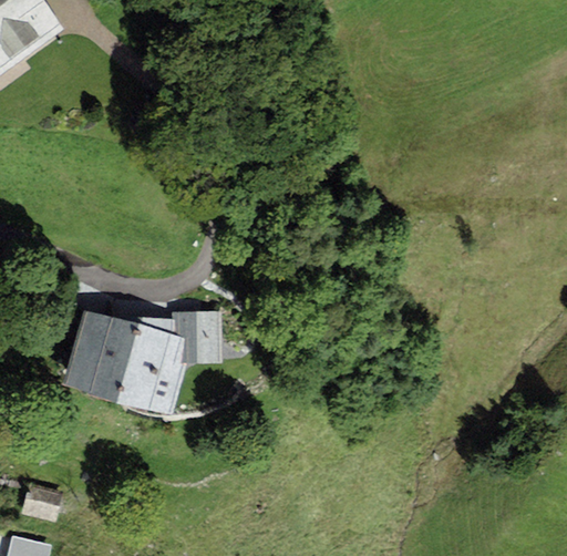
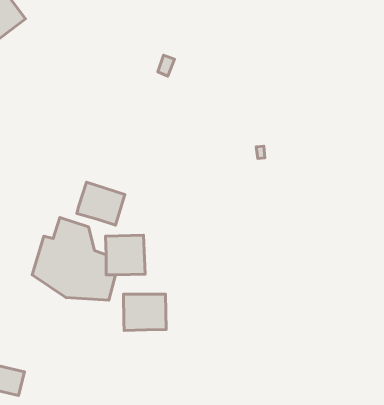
building: none -> [77,182,125,225]
building: none -> [123,294,166,331]

